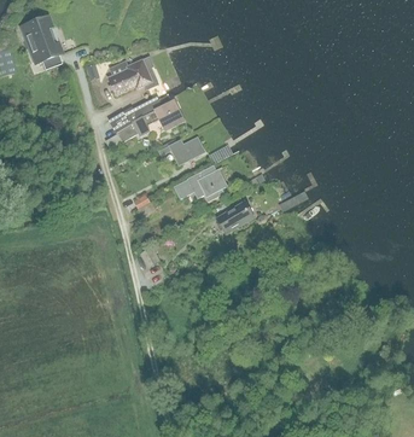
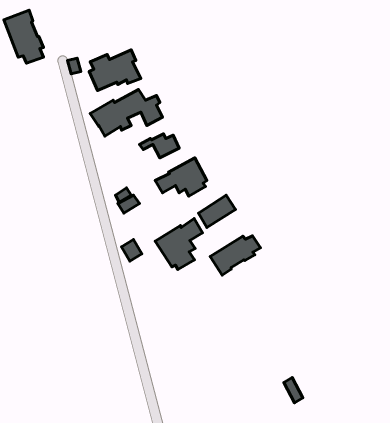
building: none -> [155,218,203,270]
building: none -> [210,236,261,275]

